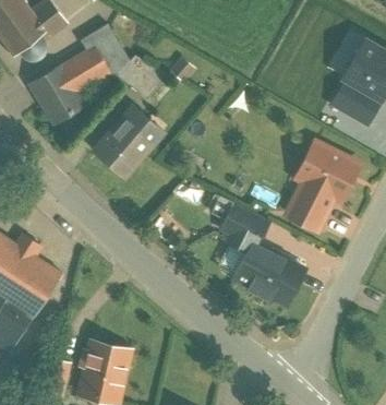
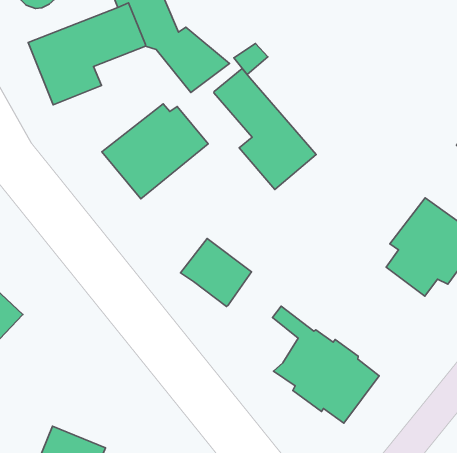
building: none -> [214,68,316,190]
building: [288,195,327,229] -> none
building: [221,203,269,247] -> [180,239,252,306]

